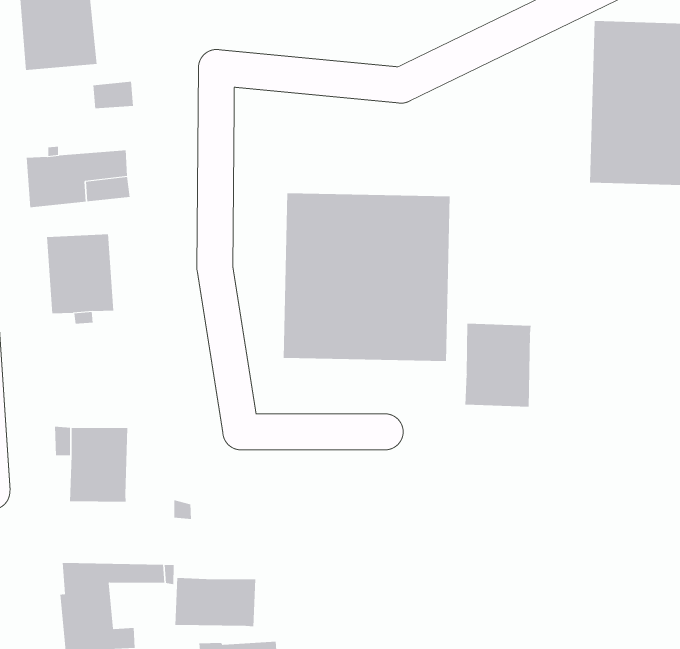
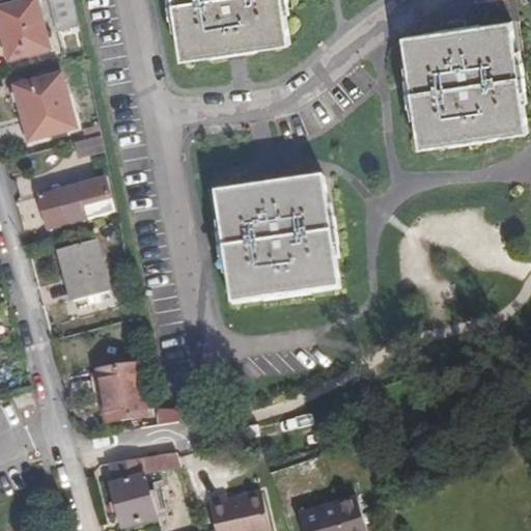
building: [465,323,531,408] -> none
building: [175,577,256,627] -> none

